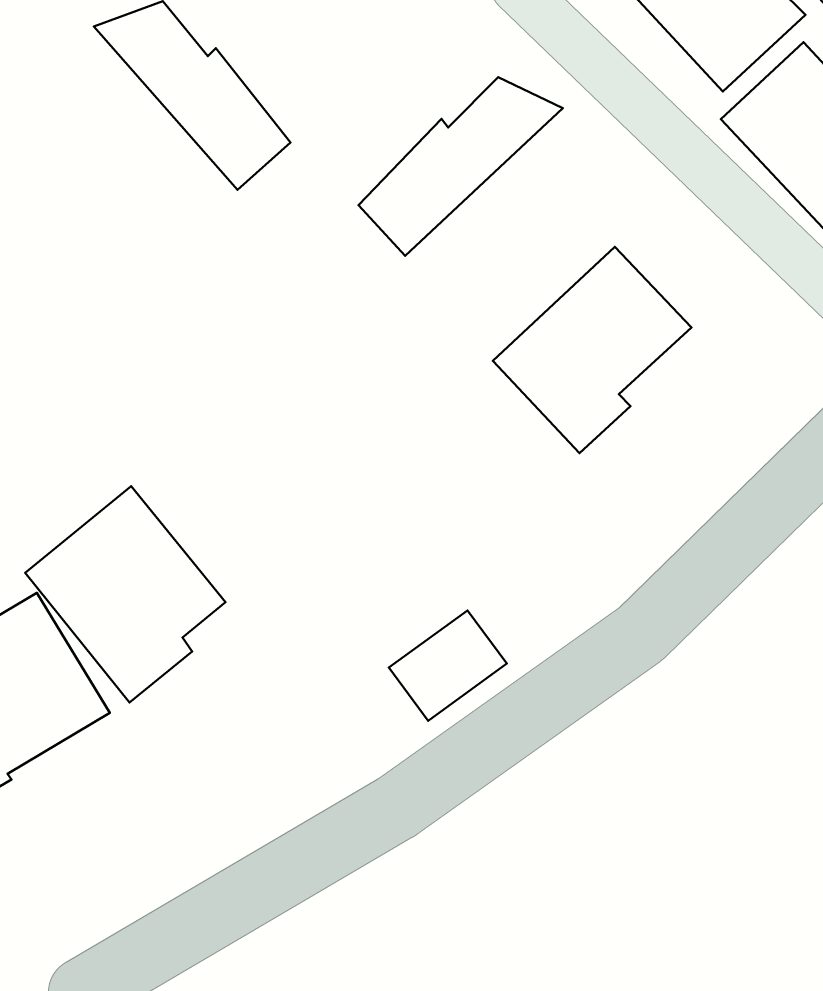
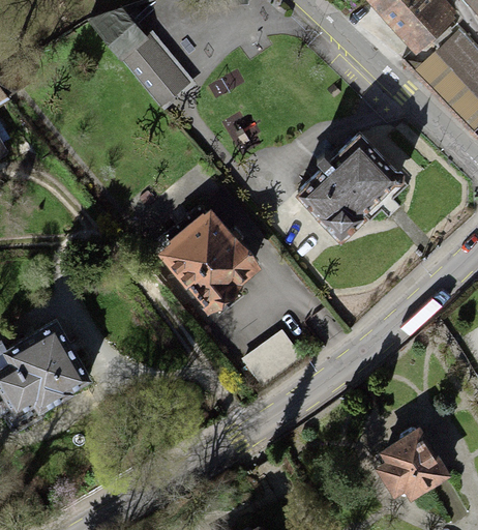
building: [358,77,563,256] -> none
building: [25,486,226,703] -> [154,207,260,321]
building: none -> [375,426,450,500]

